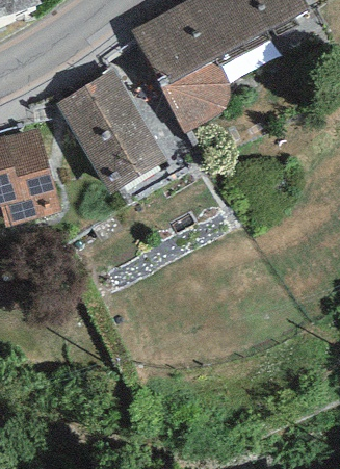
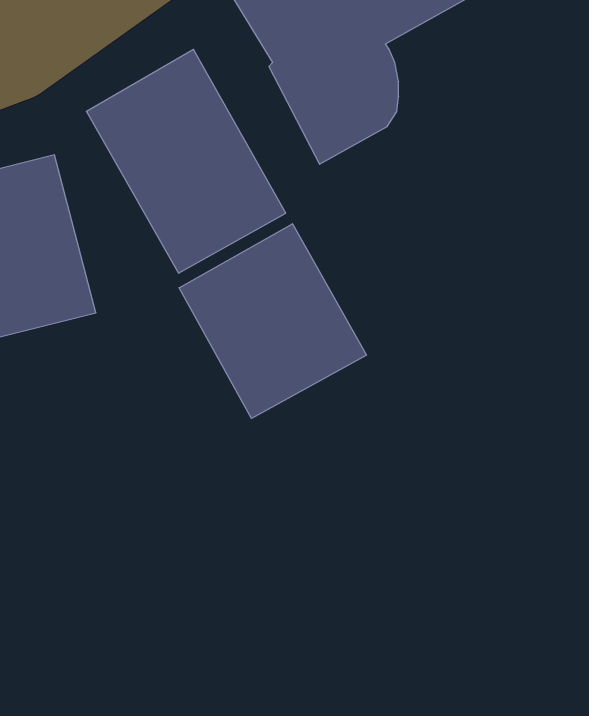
building: none -> [179,224,366,418]

